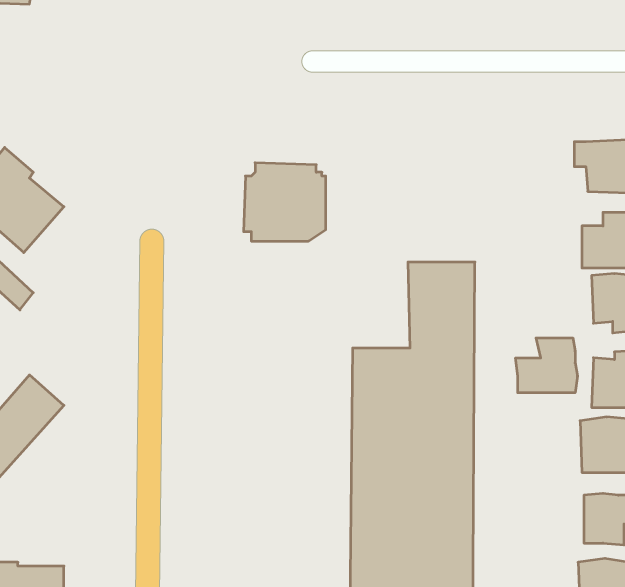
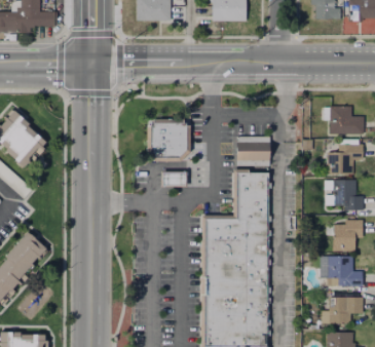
building: none -> [237,137,269,165]
building: none -> [160,171,186,187]
building: [516,338,577,393] -> none

